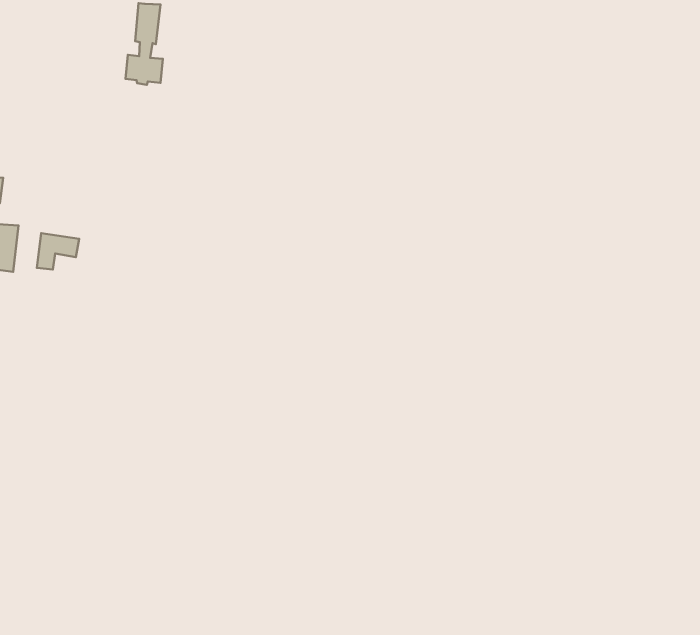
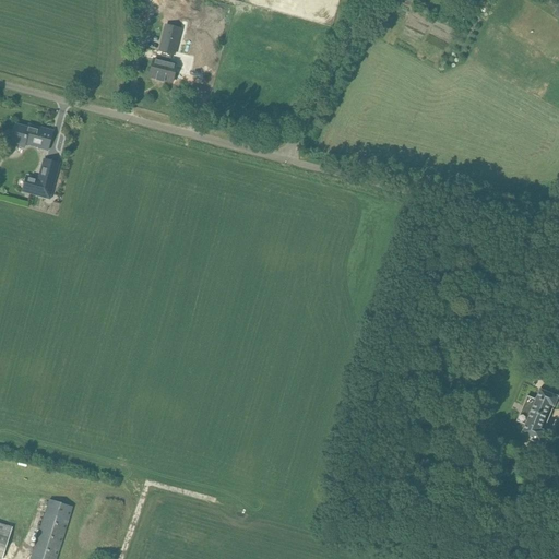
building: [37,233,79,269] -> none

